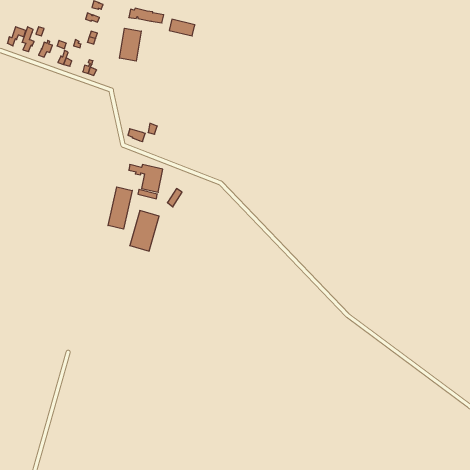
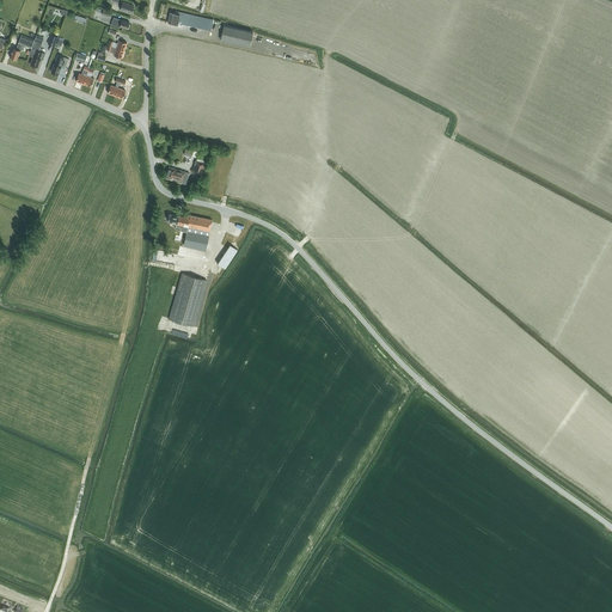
building: [120,28,141,61] -> none
building: [108,187,132,229] -> none

